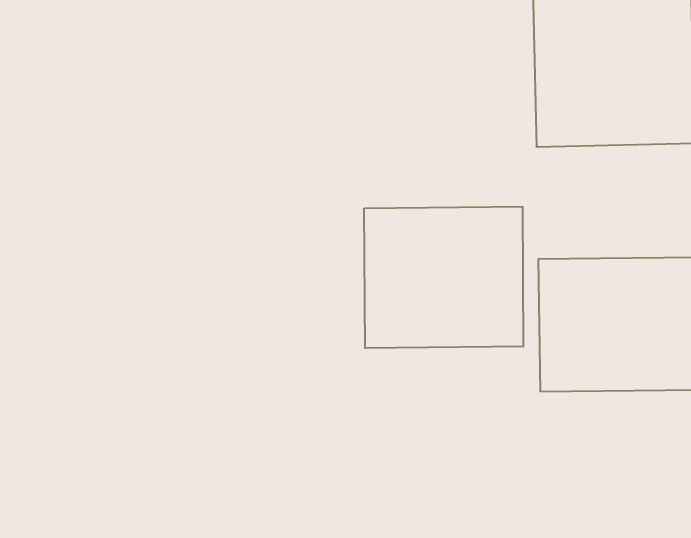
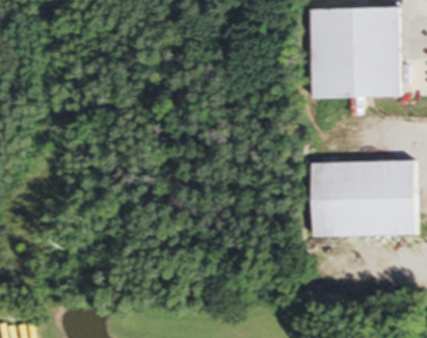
building: [364,207,523,348] -> none

